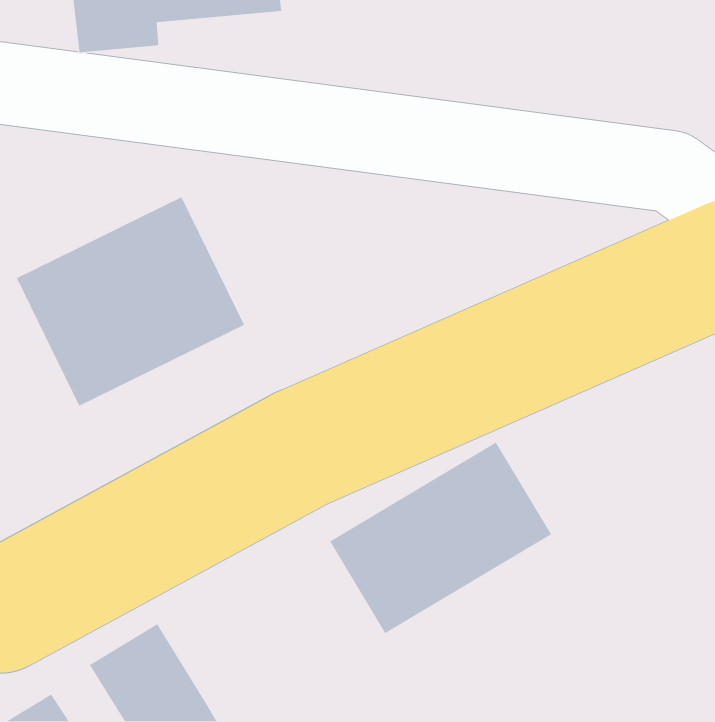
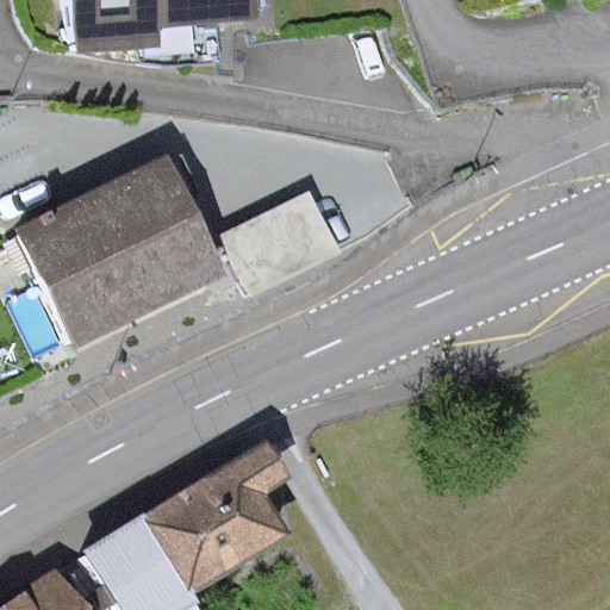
building: [329,441,552,634] -> none
building: none -> [145,447,281,586]

